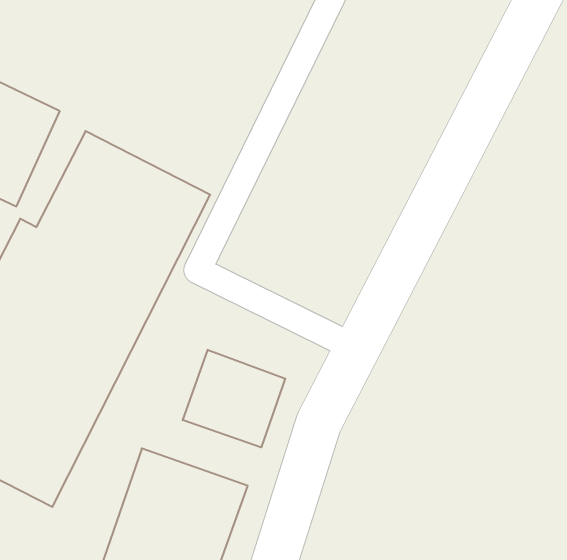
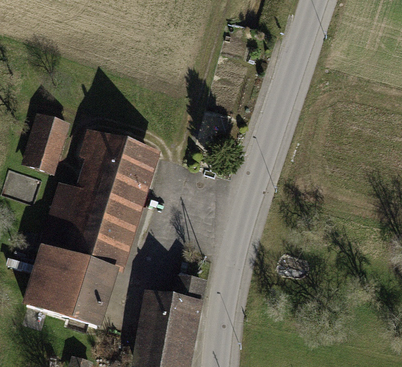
building: [183,350,285,447] -> none

